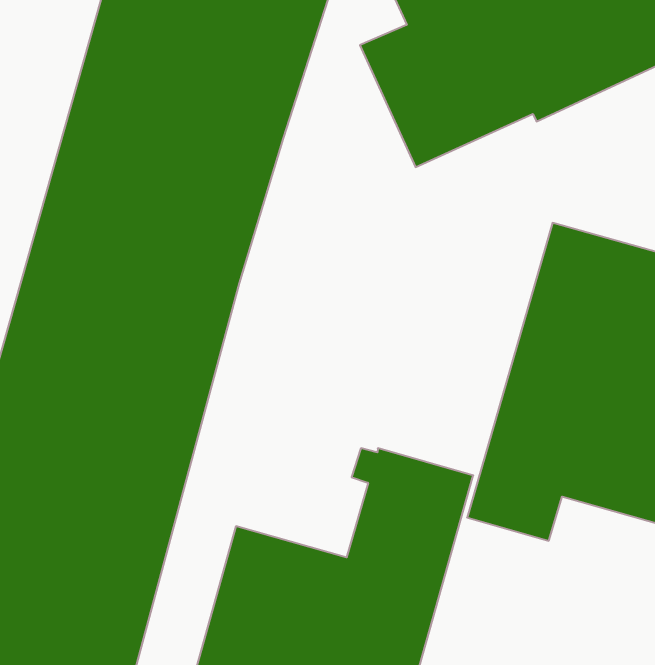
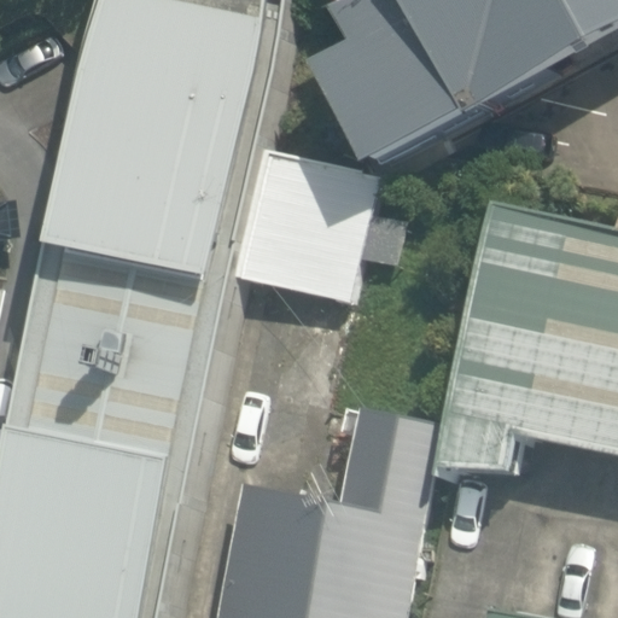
building: none -> [223,147,397,304]

